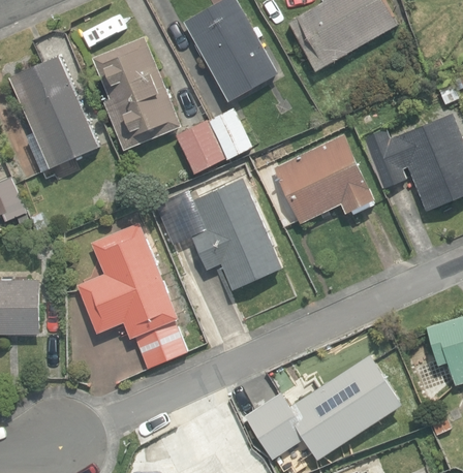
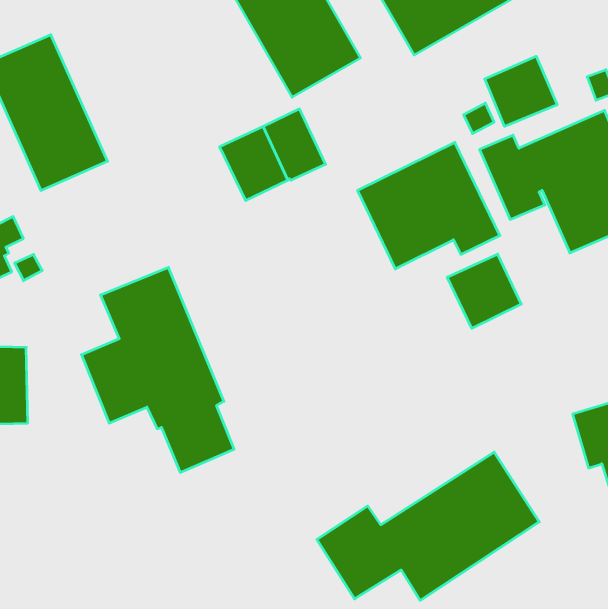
building: [91,39,179,151] -> none
building: none -> [485,56,557,126]
building: [191,179,282,290] -> none
building: none -> [447,254,521,328]

